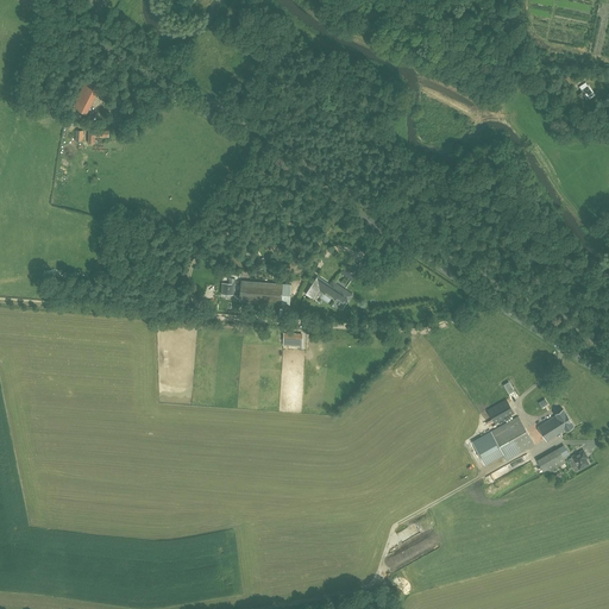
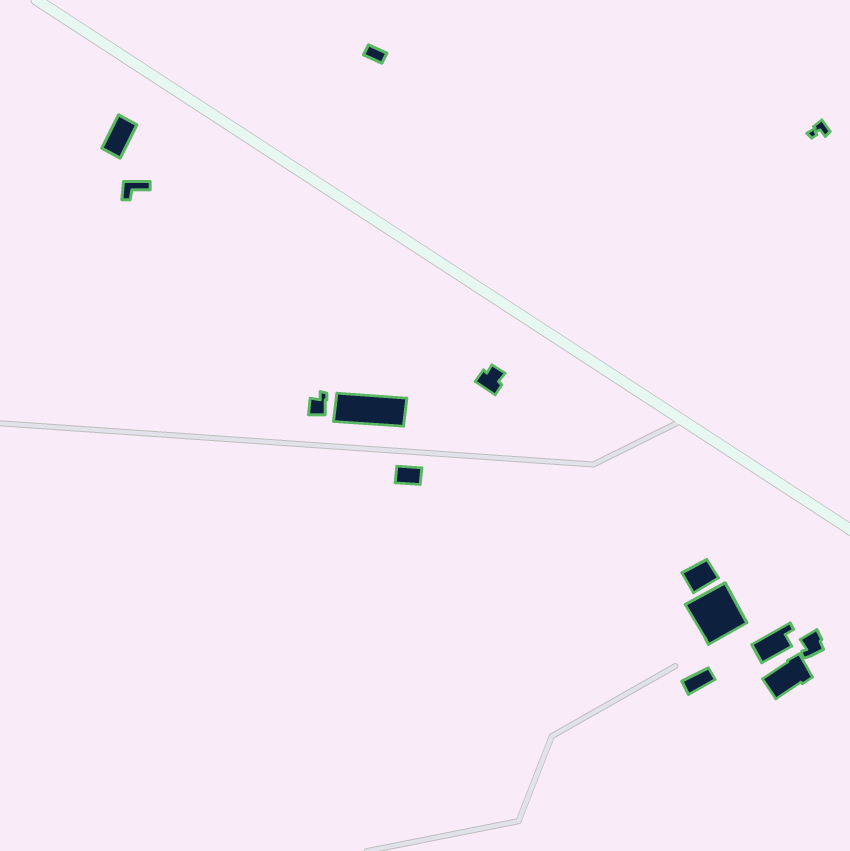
building: [304,276,351,302] -> none
building: [536,409,572,441] -> [762,654,812,699]
building: [471,432,503,466] -> none

